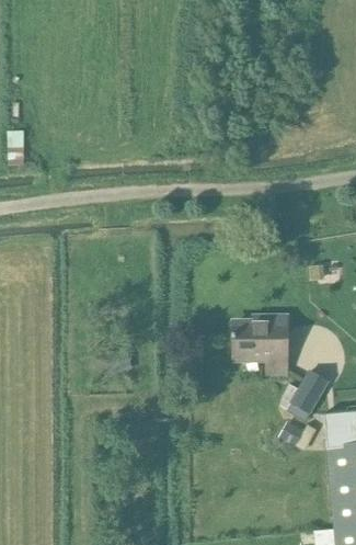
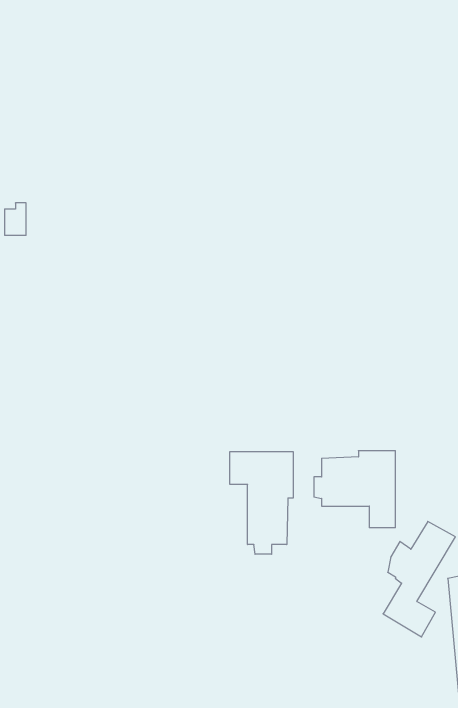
building: none -> [230,452,293,554]

